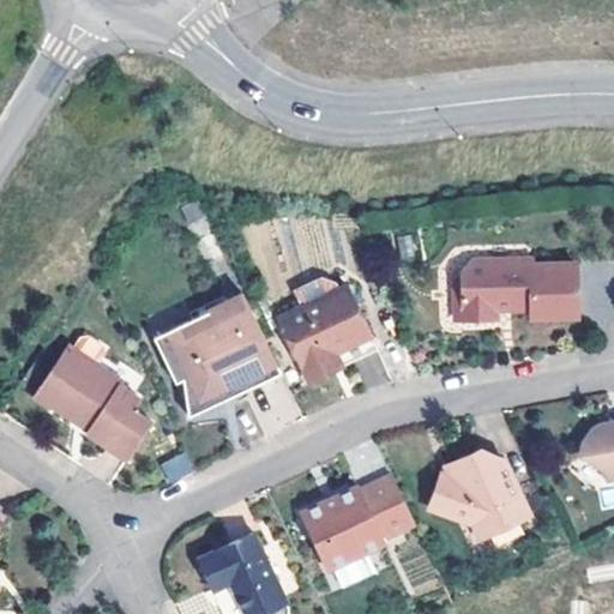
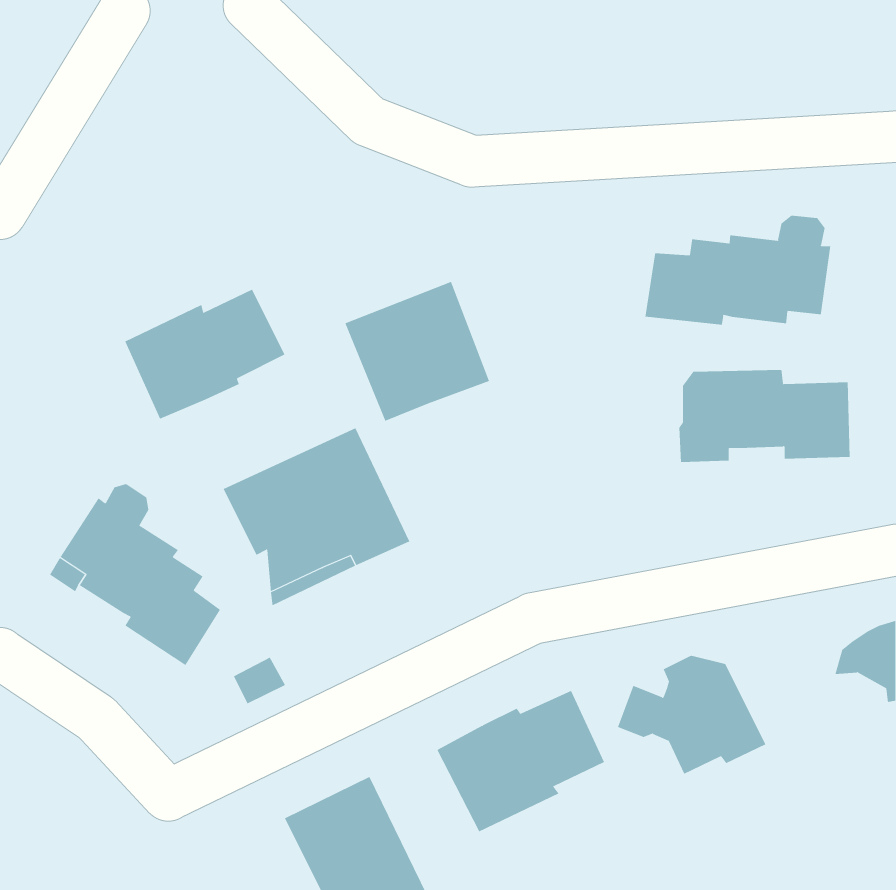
building: none -> [645,215,831,325]
building: none -> [125,289,285,420]
building: [276,282,375,378] -> [344,281,490,421]

